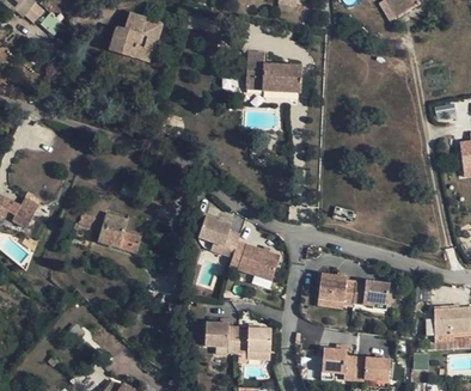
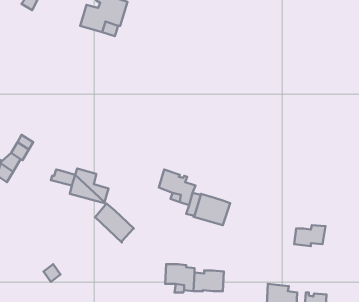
building: [245,53,301,93] -> none
building: none -> [95,204,134,242]
building: [318,271,355,303] -> none

